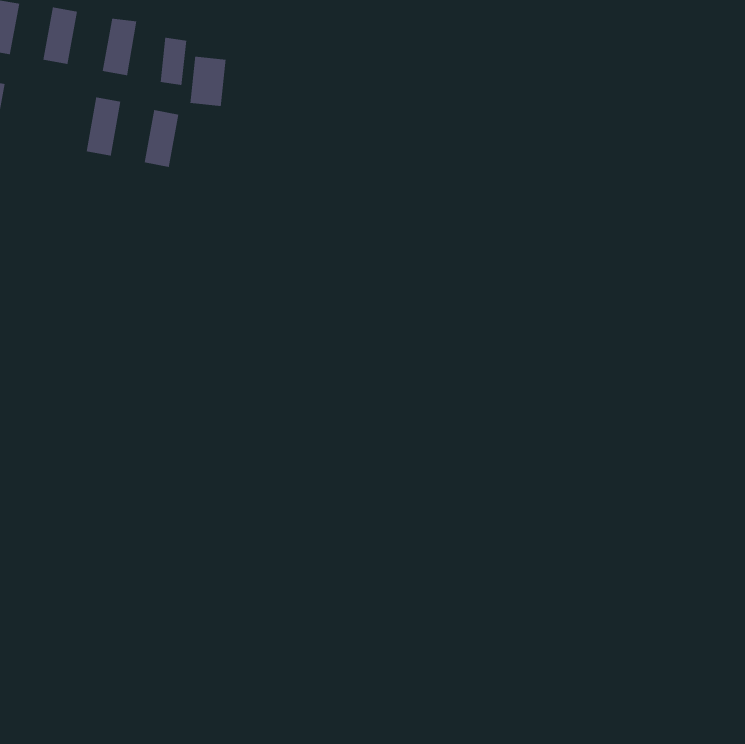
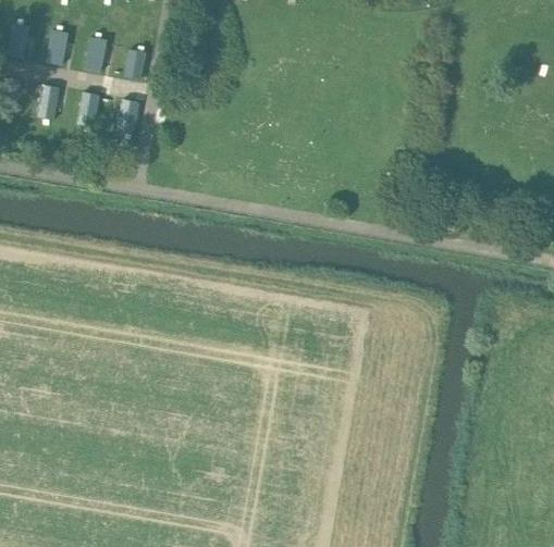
building: [190,56,226,107] -> none
building: none -> [35,80,60,120]

